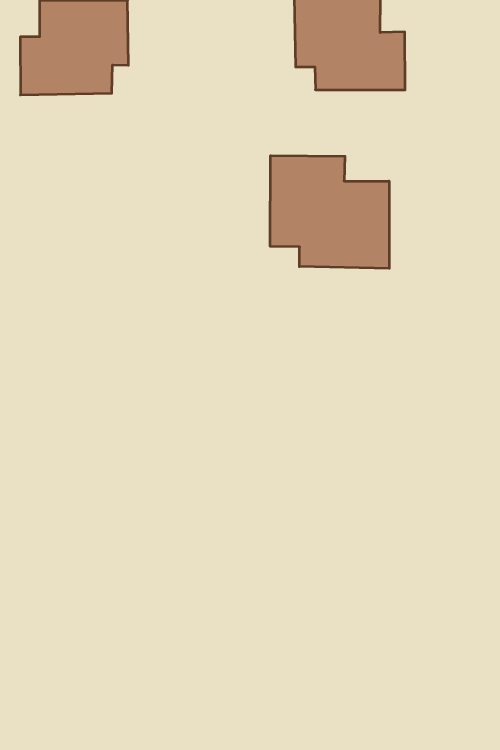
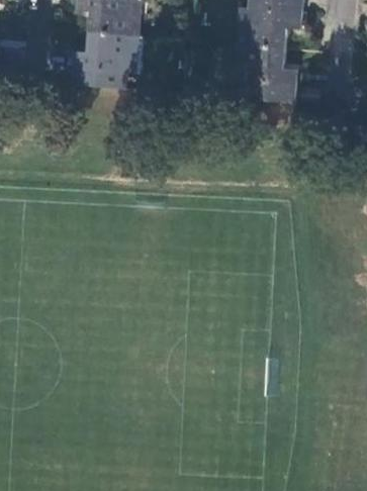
building: [270,156,389,268] -> none

